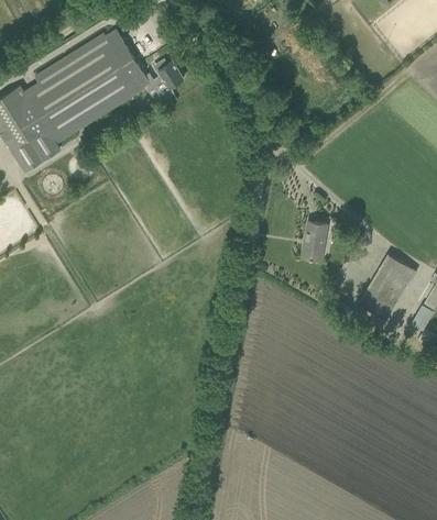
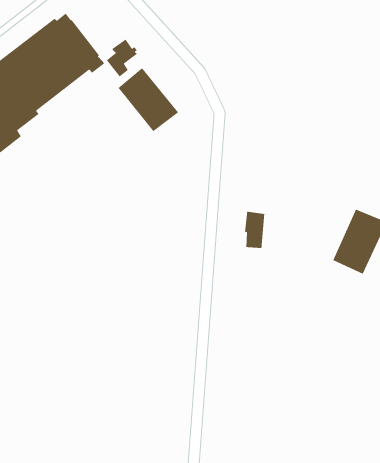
building: none -> [117,67,179,132]
building: [302,220,327,259] -> [243,211,265,249]

